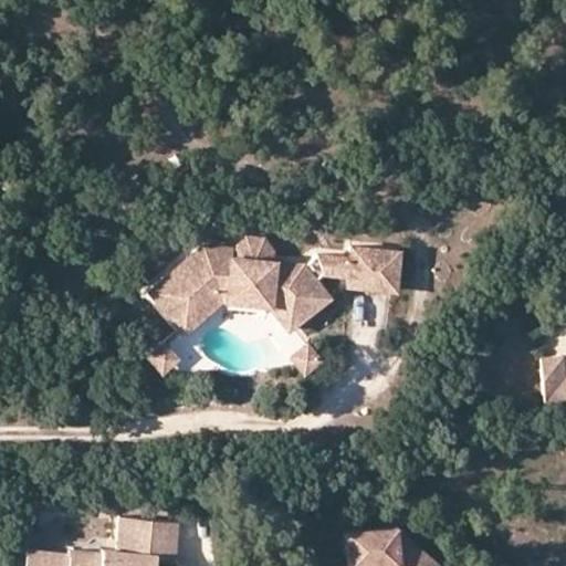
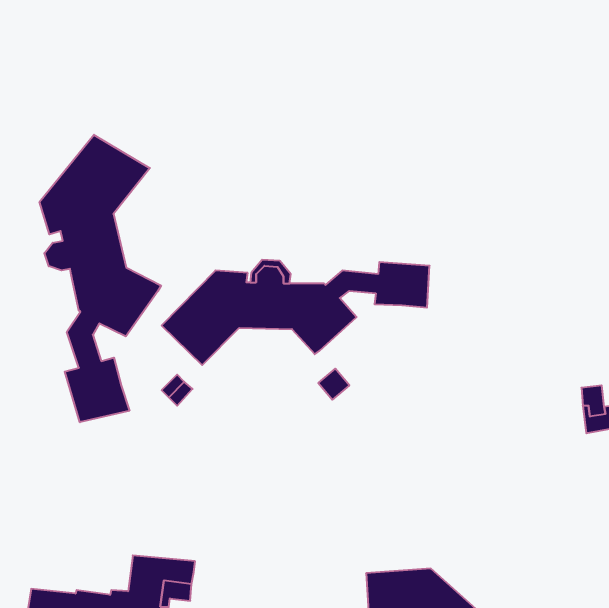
building: none -> [40,135,161,422]

